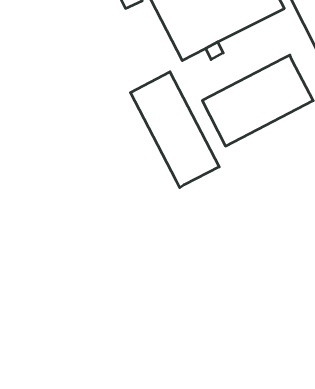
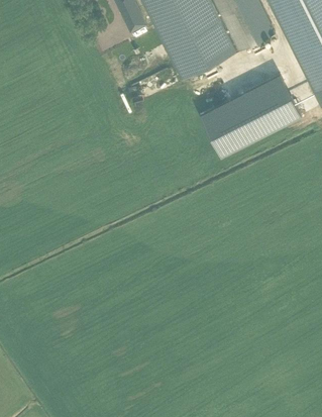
building: [130,72,219,188] -> none

